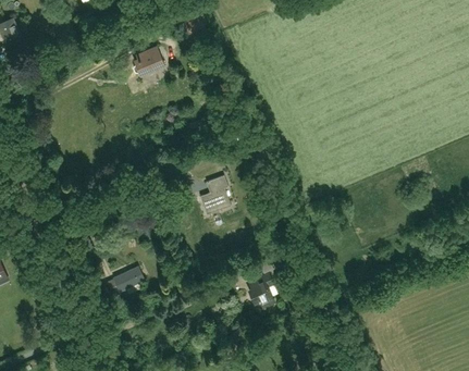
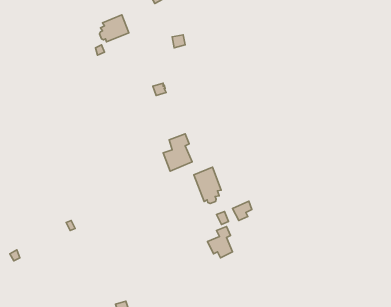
building: none -> [194,167,221,204]
building: [106,267,144,297] -> none

